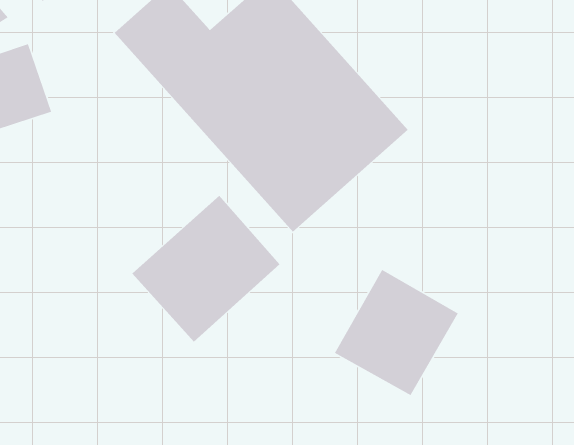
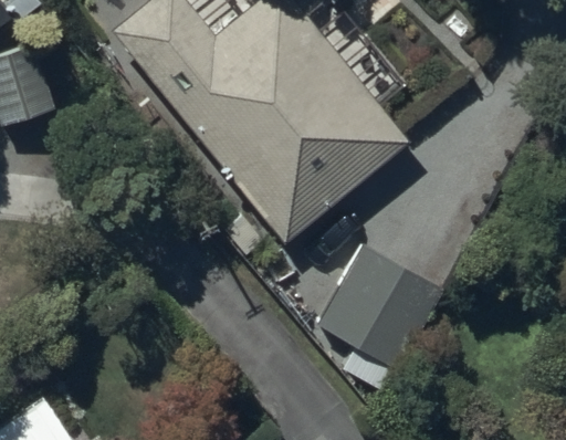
building: [131,195,280,342] -> none

